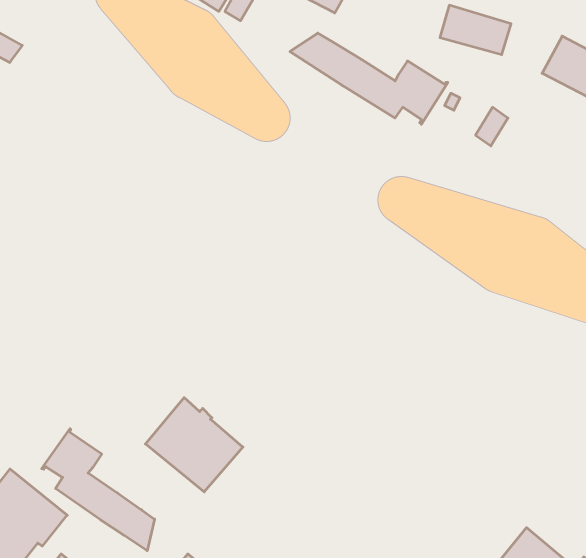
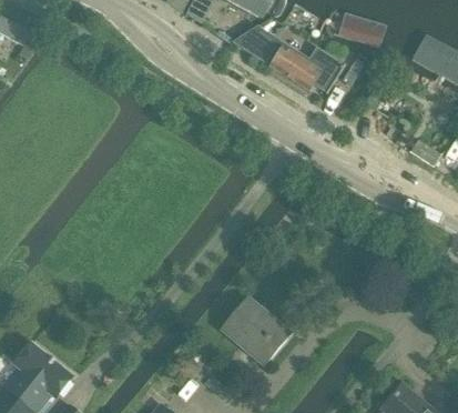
building: [145,398,243,492] -> [220,298,289,365]
building: [42,429,155,551] -> none

